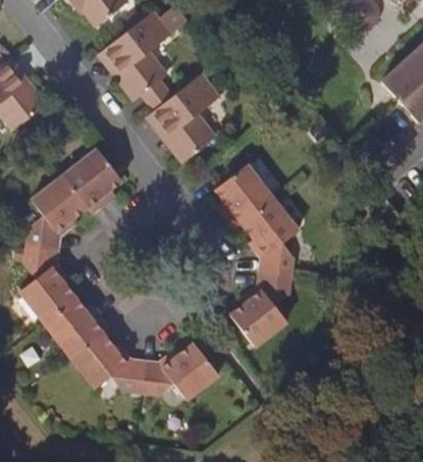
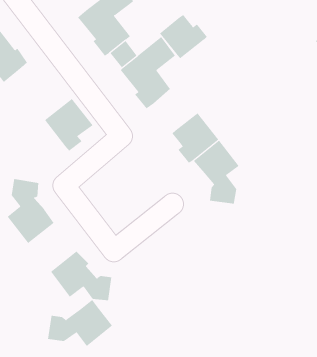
building: none -> [159,14,207,59]
building: [25,174,87,250] -> none
building: [230,271,290,347] -> none
building: [43,298,107,357] -> none
building: [140,344,218,401] -> [47,299,113,347]

